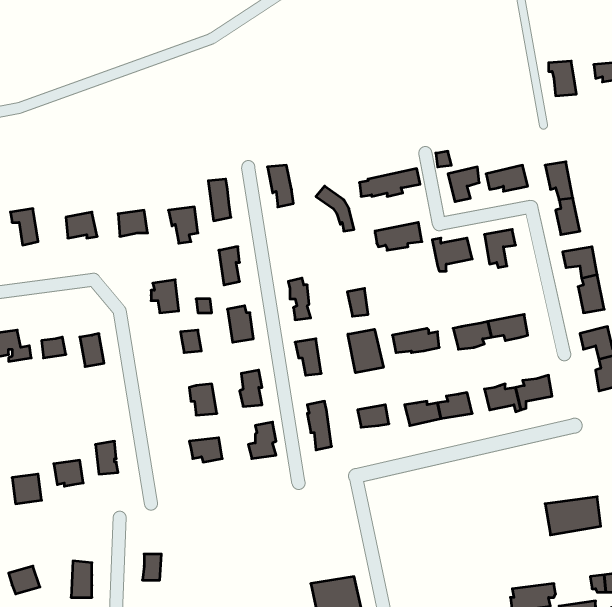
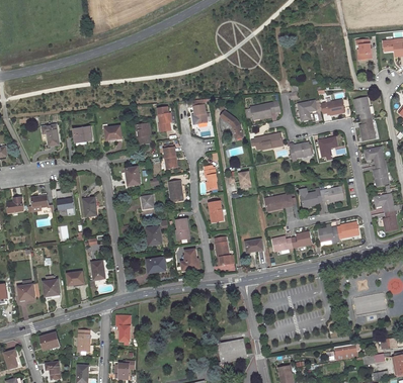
building: [348,329,383,373] -> none

